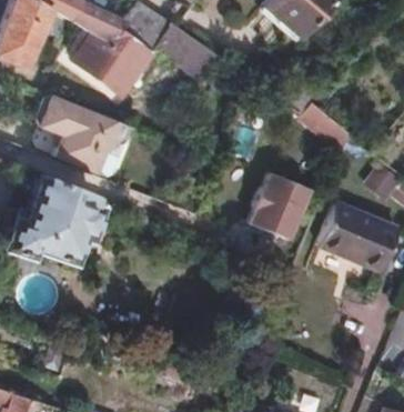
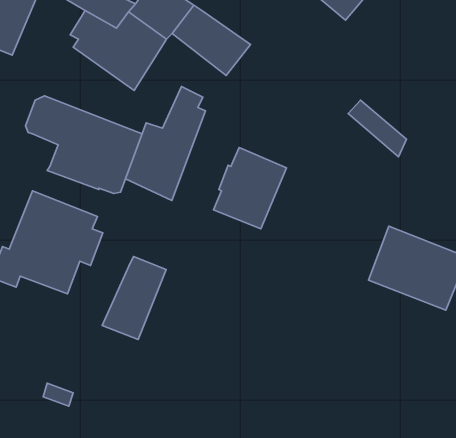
building: none -> [126,86,205,201]
building: [248,172,307,239] -> [213,147,287,229]
building: none -> [102,256,166,340]

